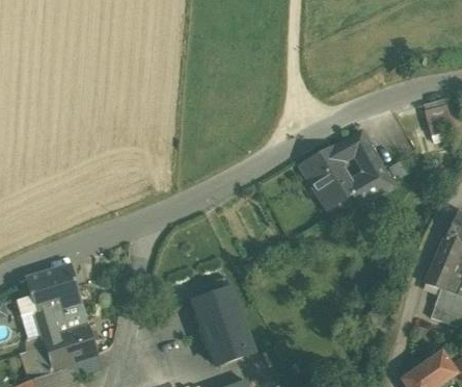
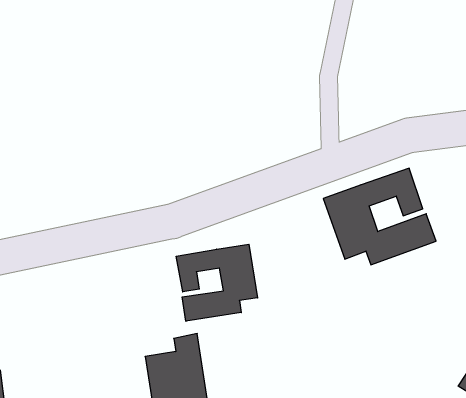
building: none -> [176,244,258,321]

